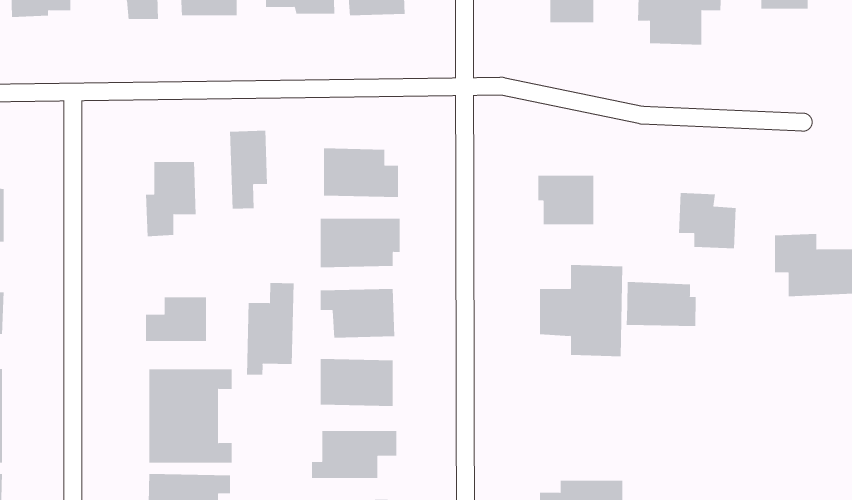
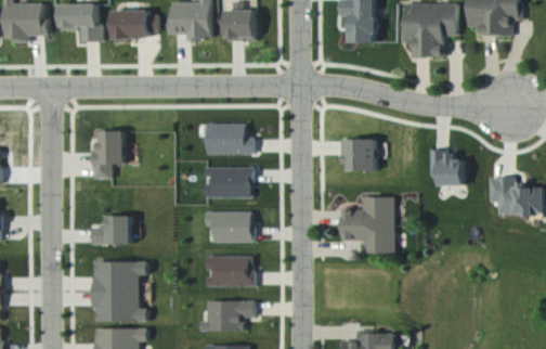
building: [229,130,267,210] -> none
building: [626,281,696,327] -> none
building: [247,282,294,375] -> none

